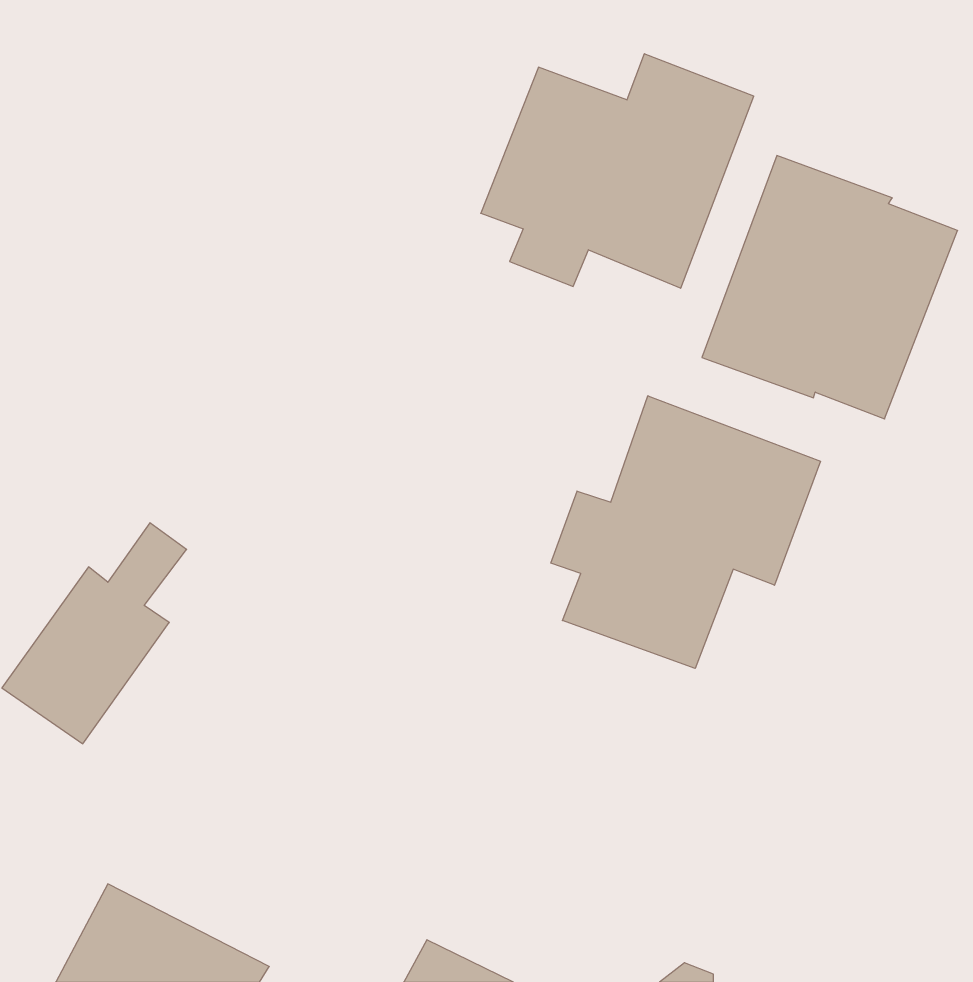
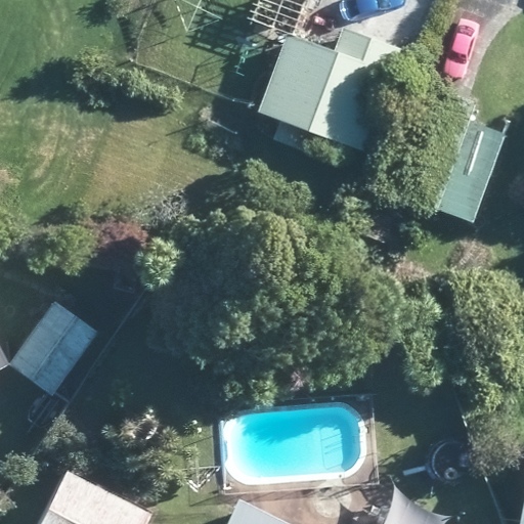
building: [551,396,821,668] -> none

